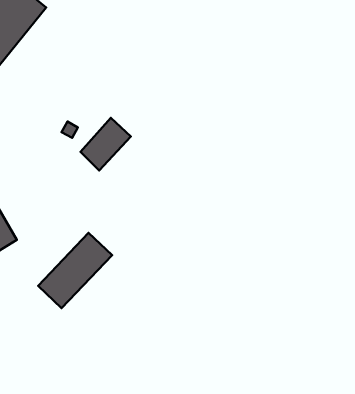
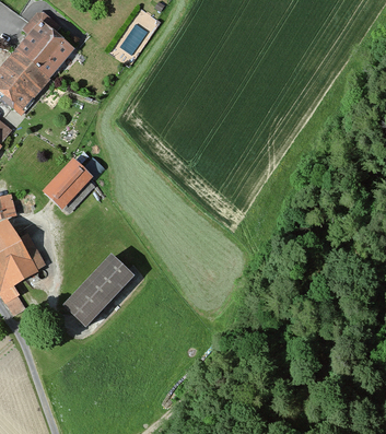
building: [80,118,131,171] -> [45,159,92,208]

